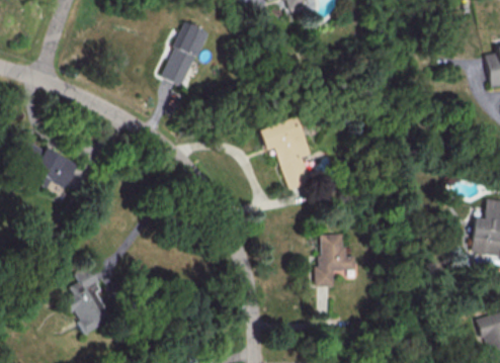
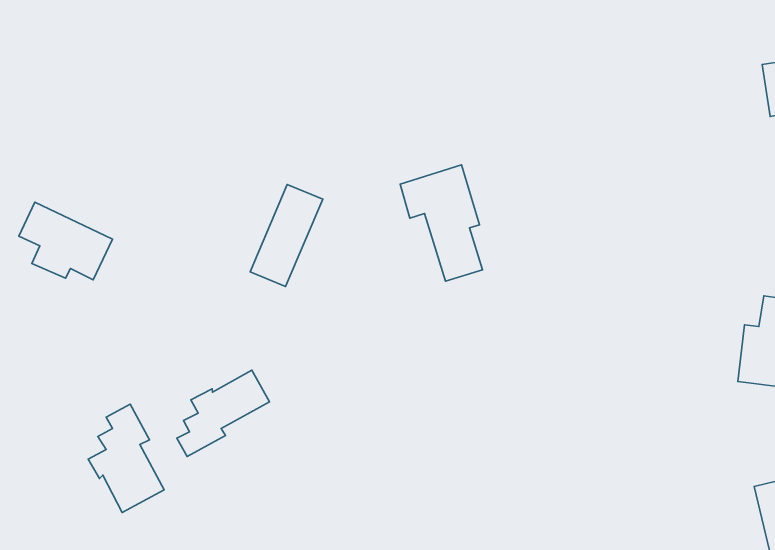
building: [162,21,207,85] -> [250,185,323,286]
building: [315,234,356,286] -> none
building: none -> [177,370,269,456]

